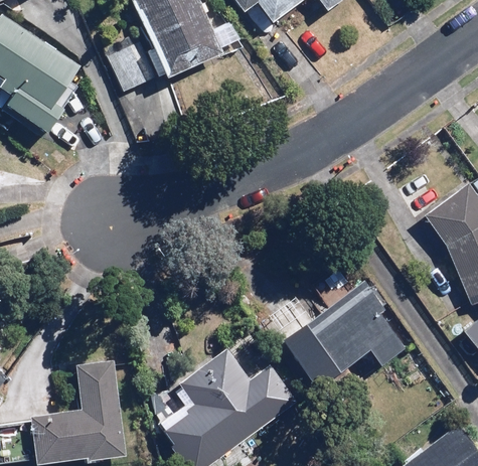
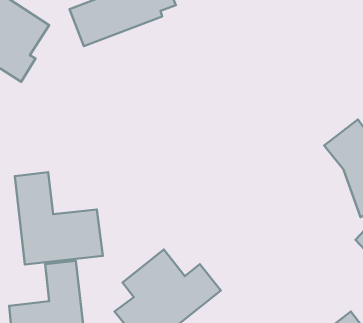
building: none -> [15,172,103,264]
building: [283,276,406,385] -> none

